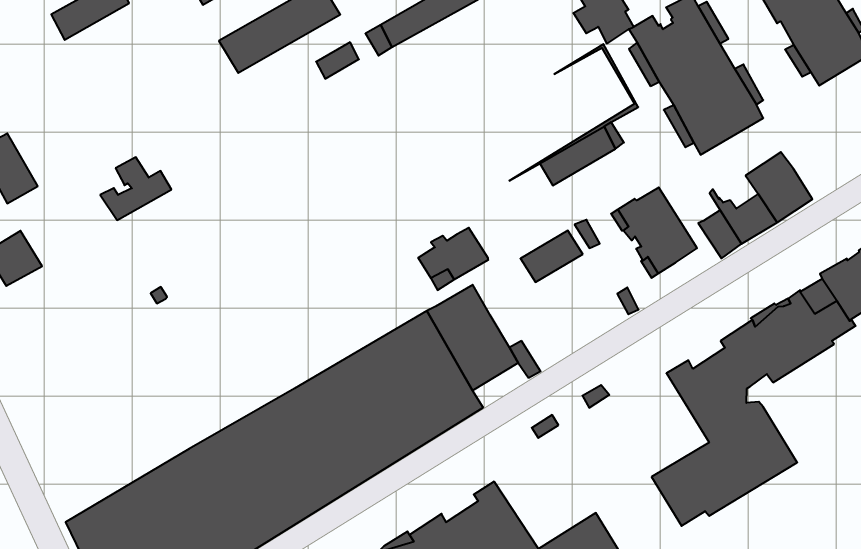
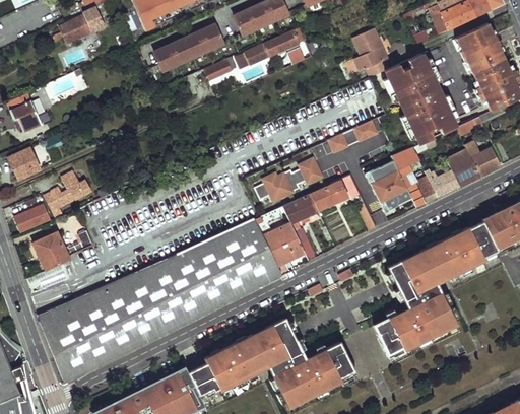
building: none -> [464,140,502,176]
building: [100,157,171,220] -> [53,170,93,205]
building: none -> [392,147,426,207]
building: none -> [284,161,323,191]
building: none -> [283,192,320,223]
building: none -> [16,205,52,234]
building: none -> [35,230,94,271]

